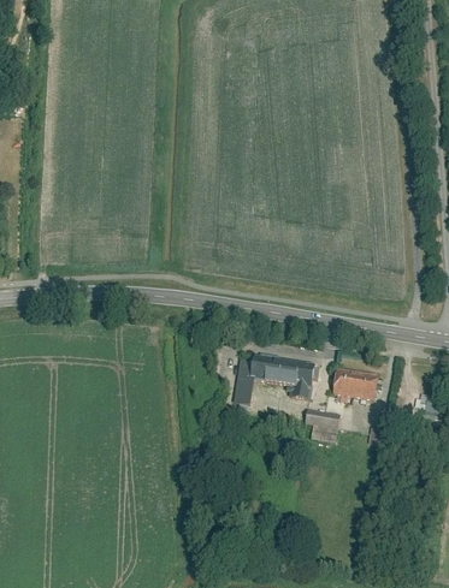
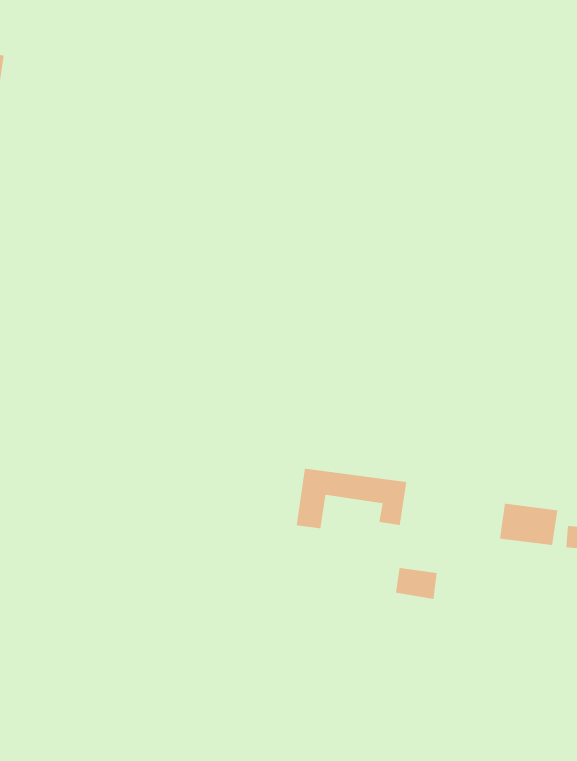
building: [330,372,372,402] -> [499,503,558,545]

